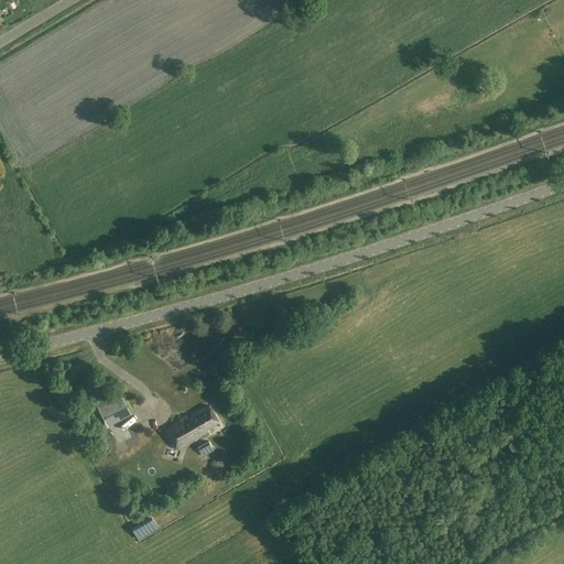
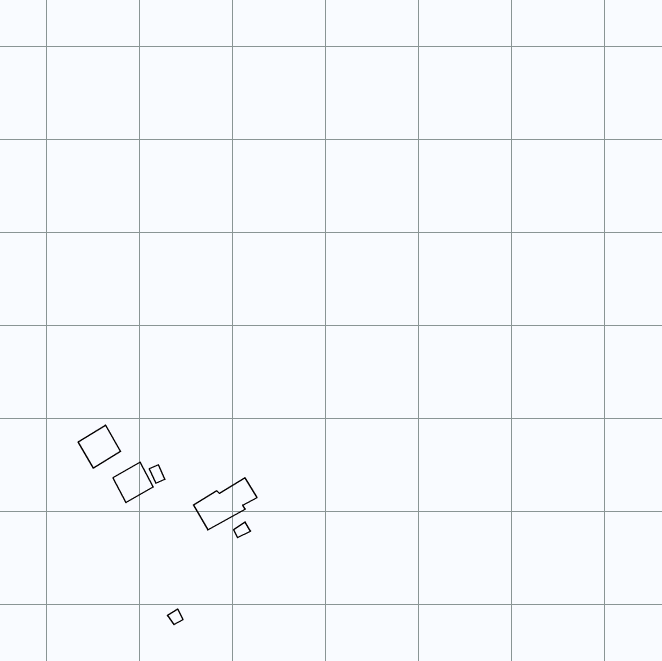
building: none -> [78,425,121,468]

